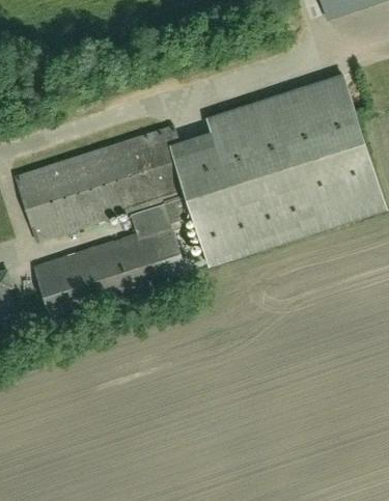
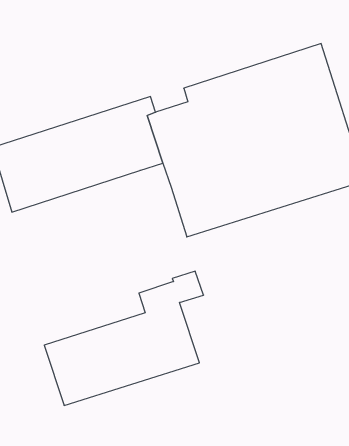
building: [34,192,193,326] -> [44,271,204,405]

